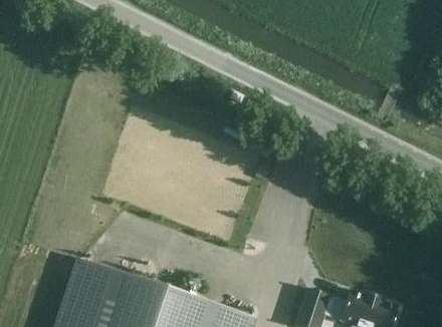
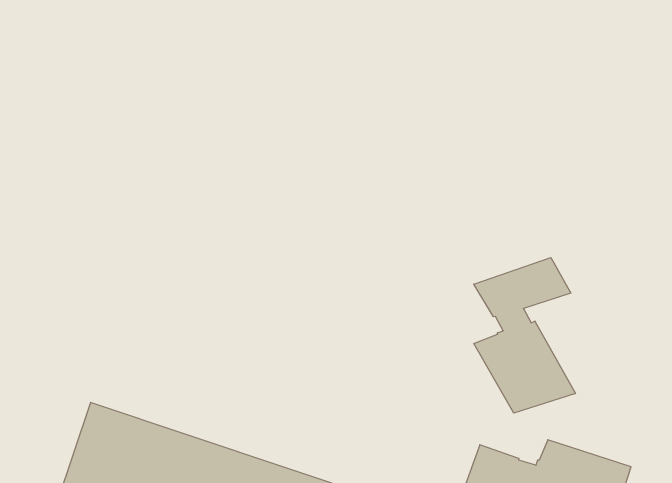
building: none -> [474,258,575,413]

